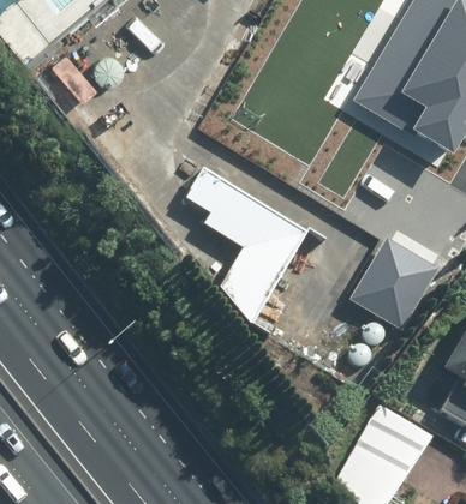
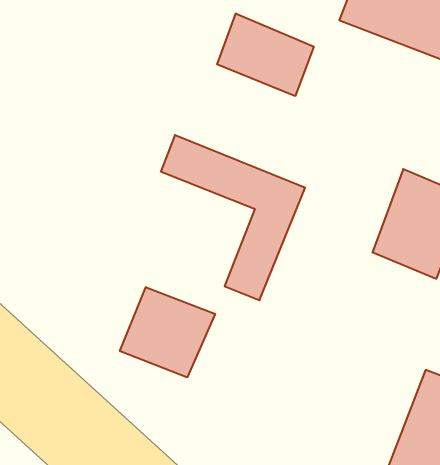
building: none -> [217,13,314,96]
building: none -> [120,287,215,377]

